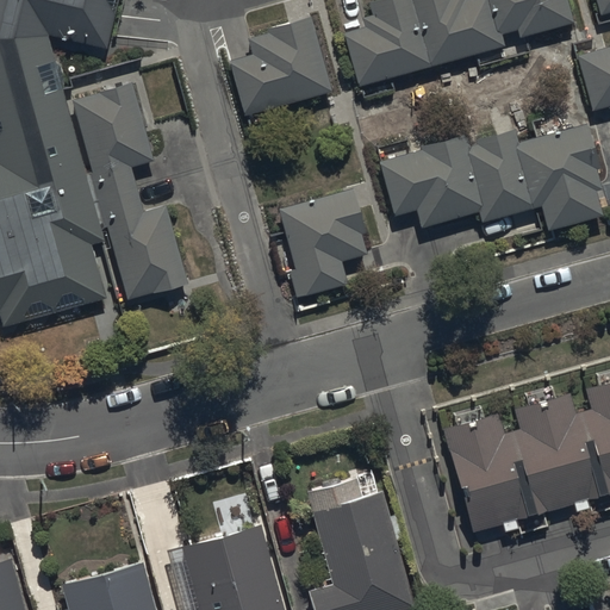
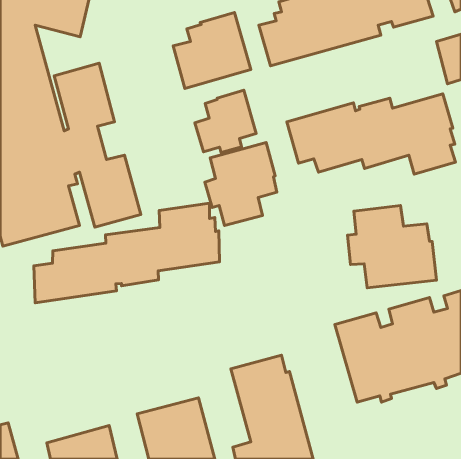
building: none -> [195,90,256,153]
building: none -> [34,203,220,303]
building: none -> [347,205,436,288]

